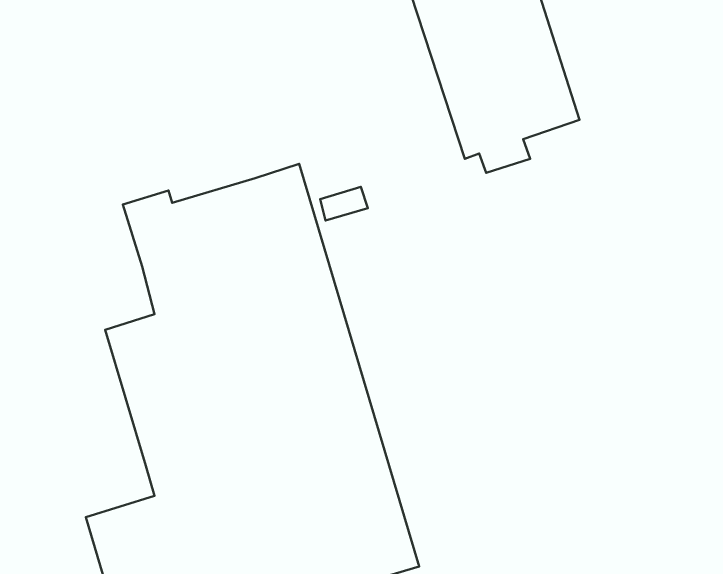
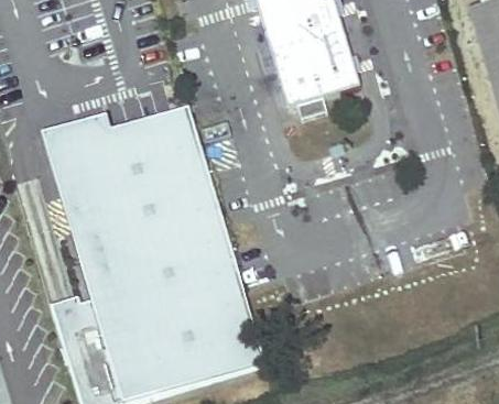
building: none -> [43,118,106,183]
building: none -> [46,294,97,329]

